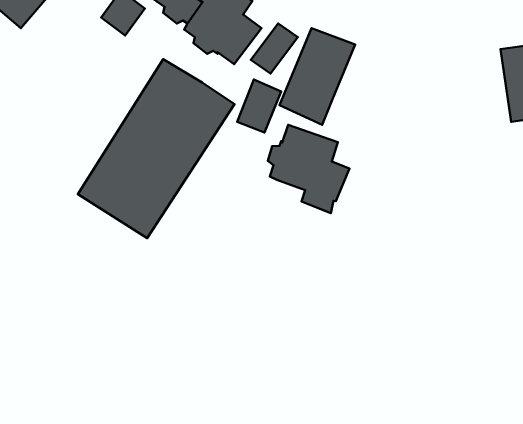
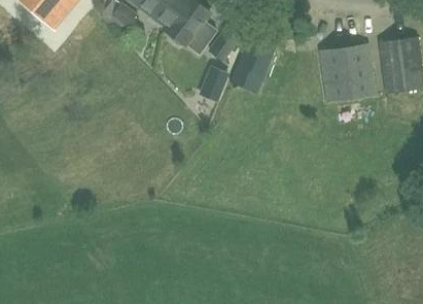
building: none -> [321,43,376,100]
building: [78,59,235,238] -> none
building: [268,125,349,213] -> none

